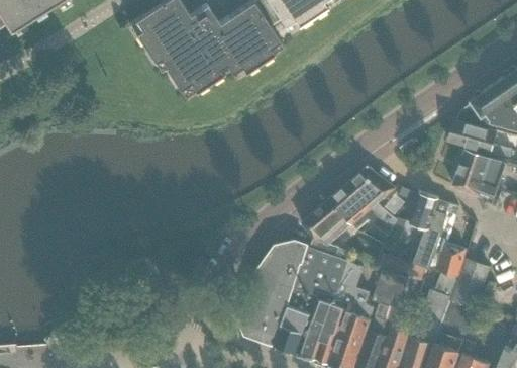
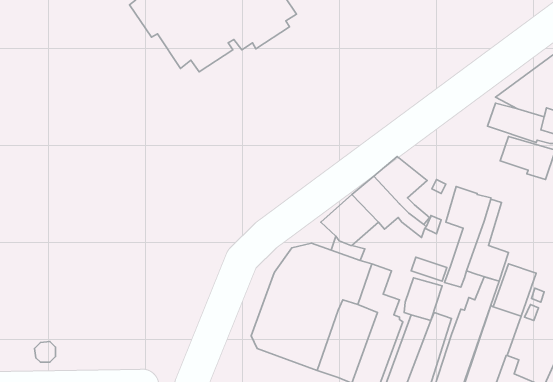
building: [451,170,497,199] -> none

